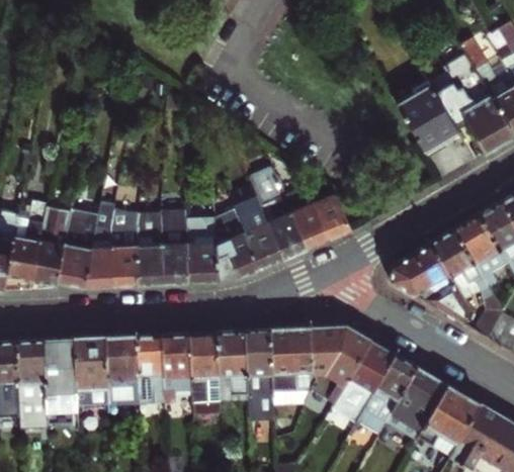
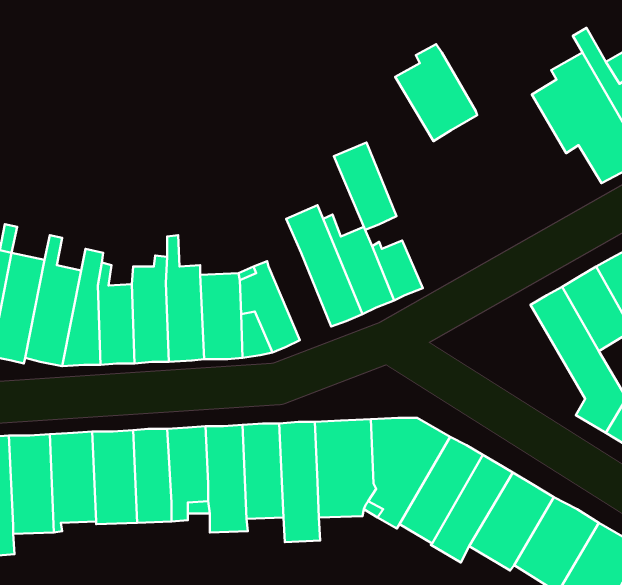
building: [397,81,457,153] -> [395,44,477,141]
building: [236,204,282,269] -> [334,143,397,230]
building: [390,243,470,324] -> none

